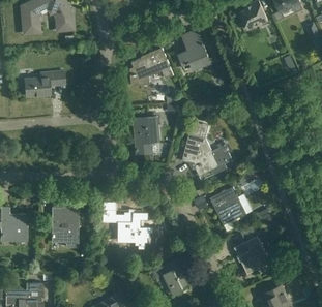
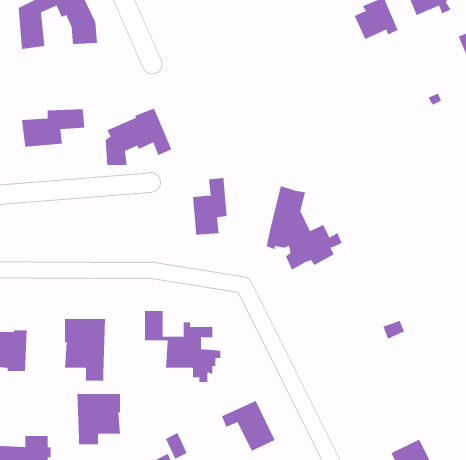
building: [179,29,211,69] -> none
building: [130,48,174,85] -> [105,108,172,165]
building: [210,186,253,224] -> none
building: [234,236,270,274] -> none
building: none -> [77,393,120,445]

